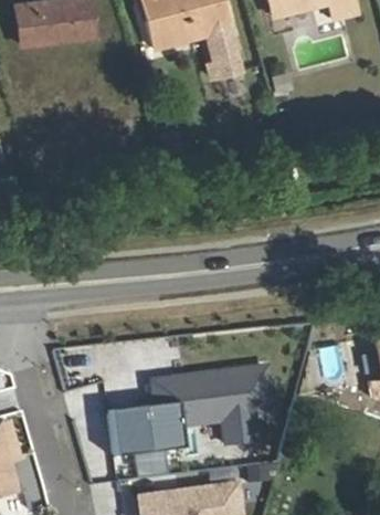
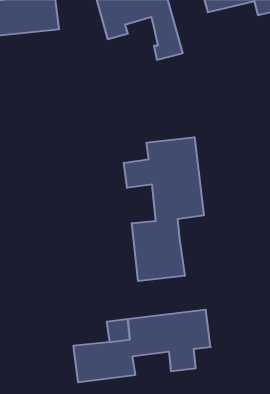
building: none -> [124,137,204,281]

